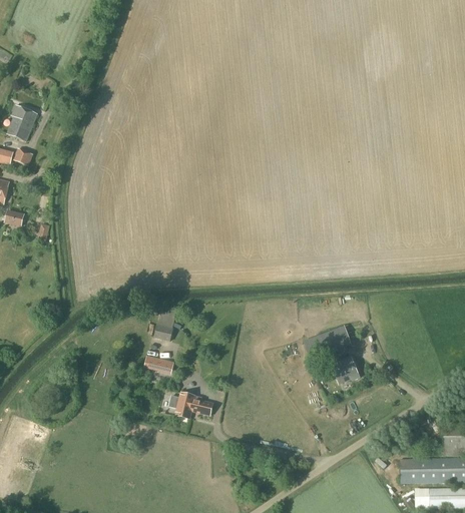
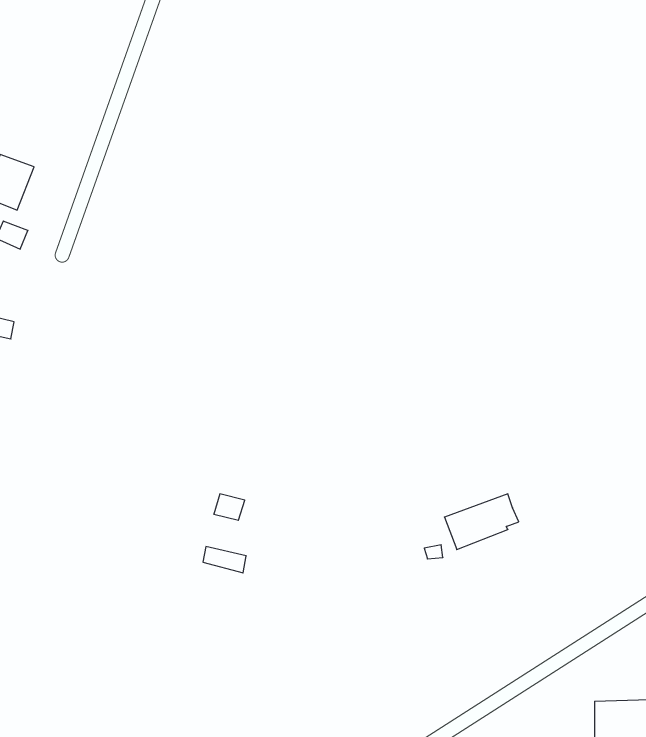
building: [331,356,361,384] -> none
building: [169,392,213,419] -> none

